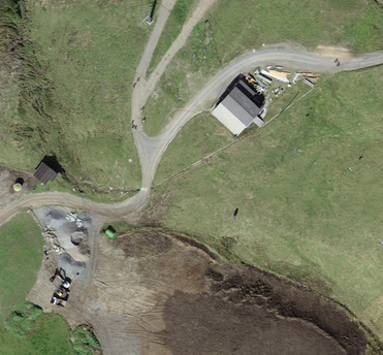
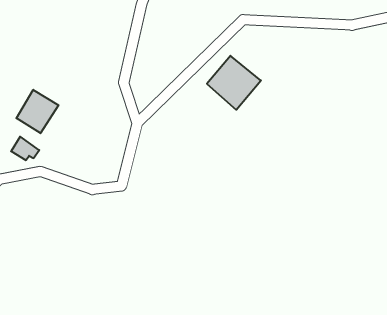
building: none -> [16,90,58,133]

